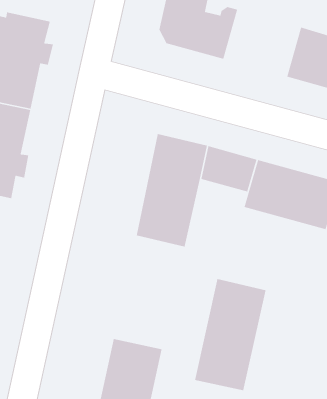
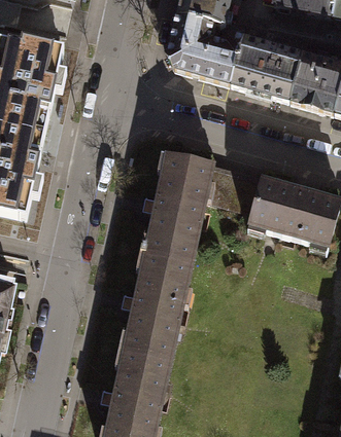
building: none -> [229,36,302,100]
building: [194,278,266,391] -> [123,252,192,360]

